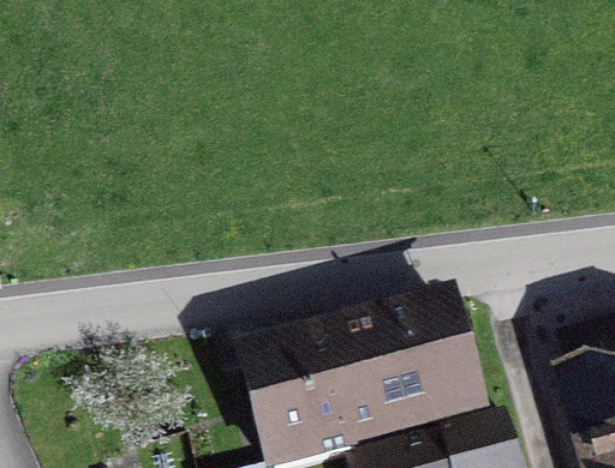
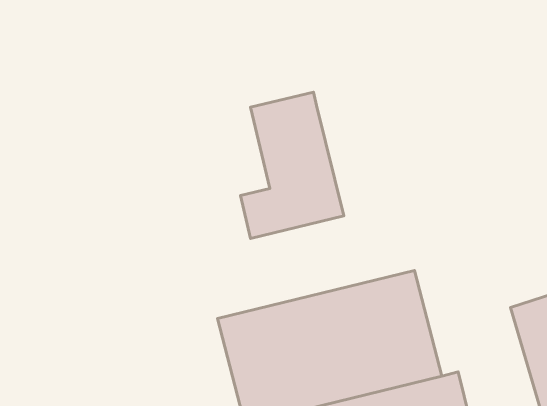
building: none -> [240,92,344,238]

